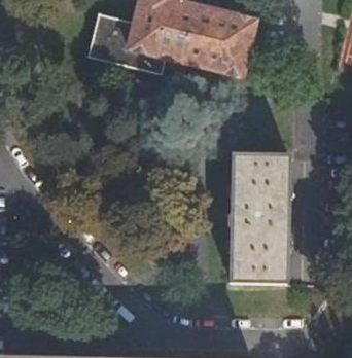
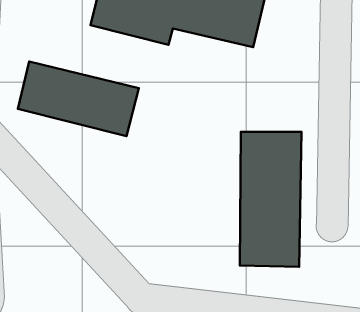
building: none -> [18,61,139,136]

